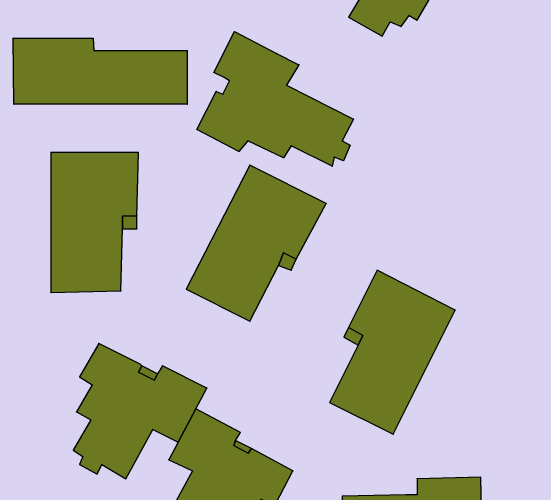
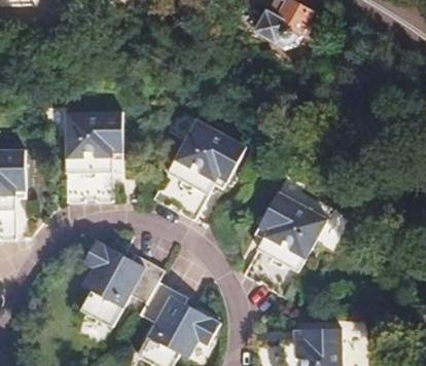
building: [197,32,353,166] -> none
building: [13,38,187,104] -> none

